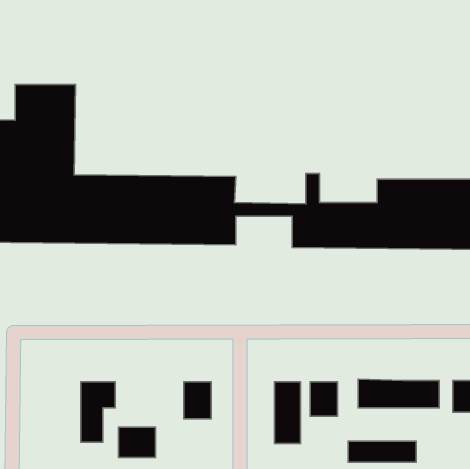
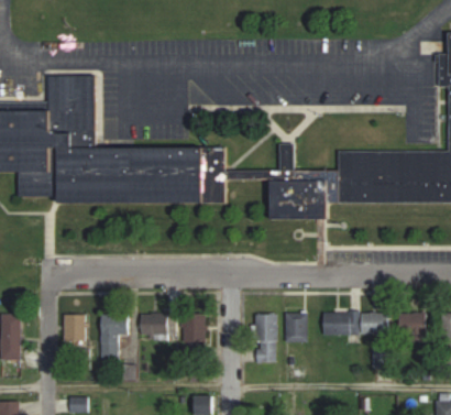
building: none -> [63,314,84,341]
building: [119,427,156,457] -> [140,314,169,338]
building: [348,441,416,462] -> none

